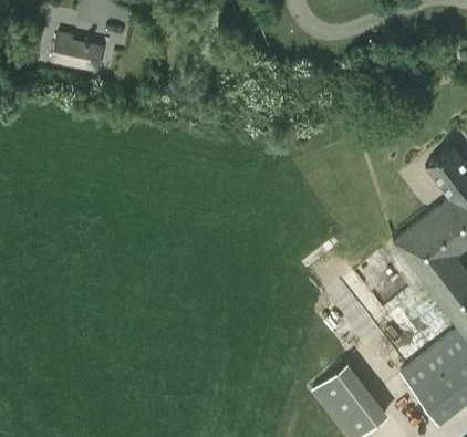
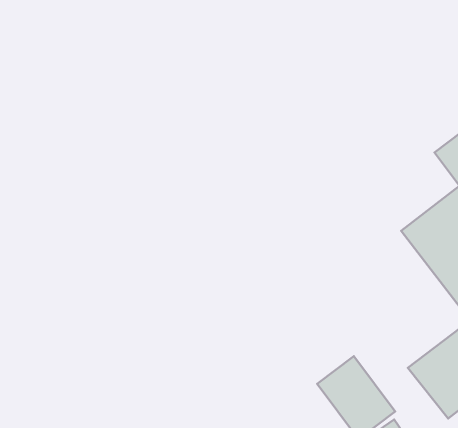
building: [51,33,103,72] -> none

